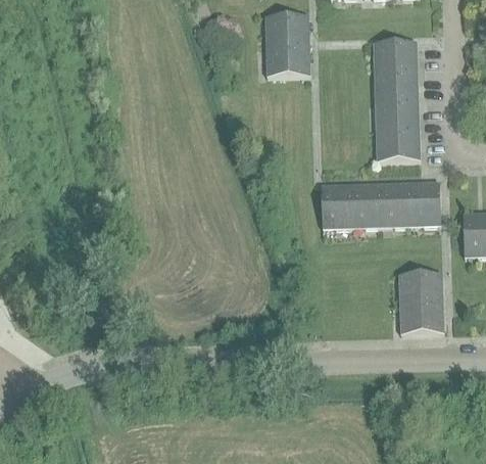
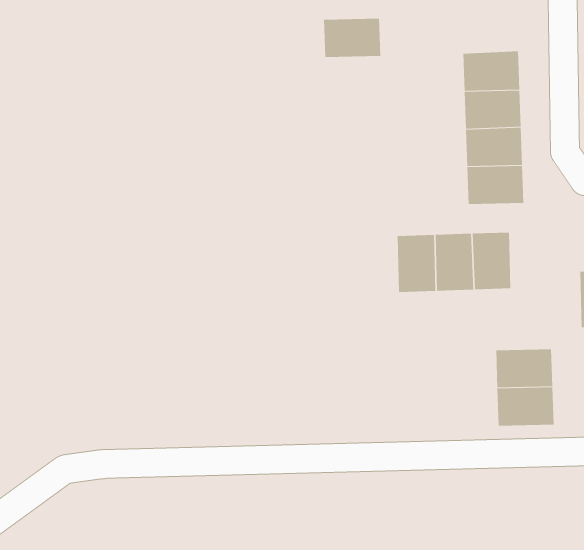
building: [265,45,310,76] -> none
building: [409,181,441,226] -> none

